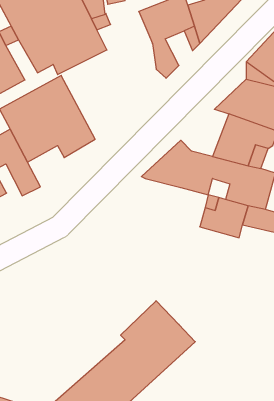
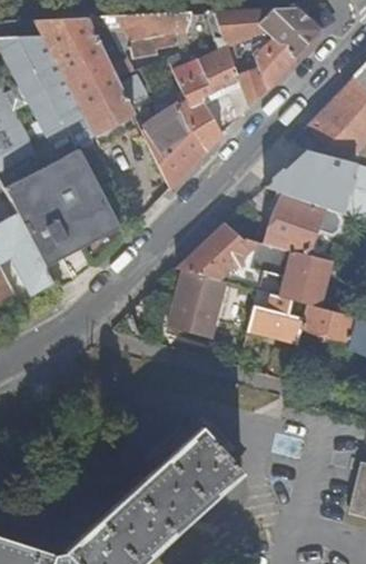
building: none -> [144,100,207,187]
building: none -> [167,273,225,339]

